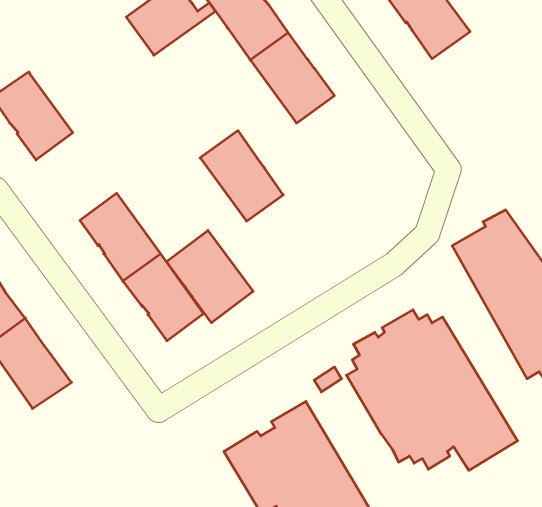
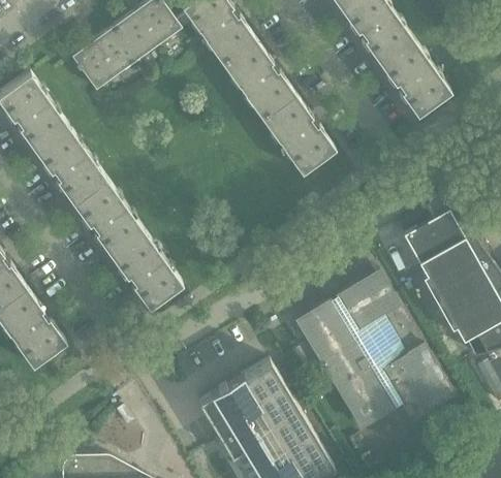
building: none -> [71,28,138,92]
building: none -> [380,40,450,116]
building: [200,131,283,221] -> [262,96,335,174]
building: none -> [36,128,106,204]
building: [166,230,253,323] -> none

